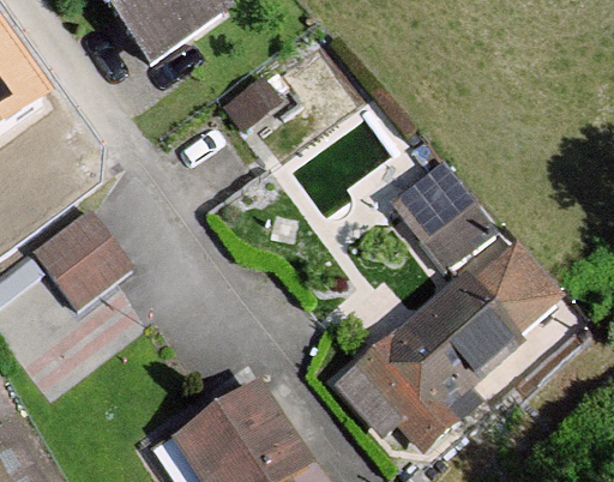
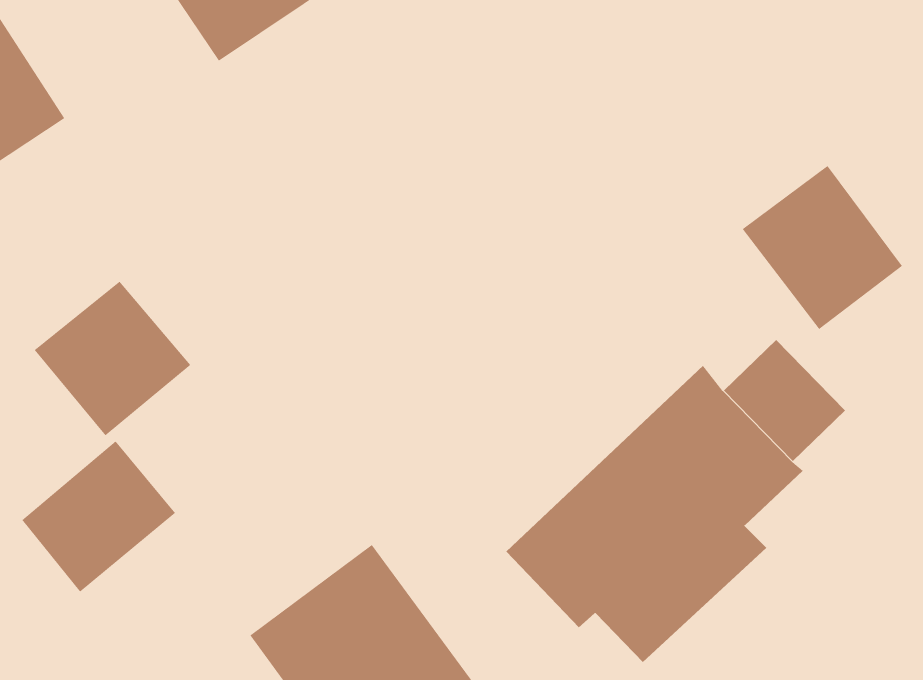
building: [390,161,495,269] -> [742,165,903,330]
building: none -> [22,440,176,593]

